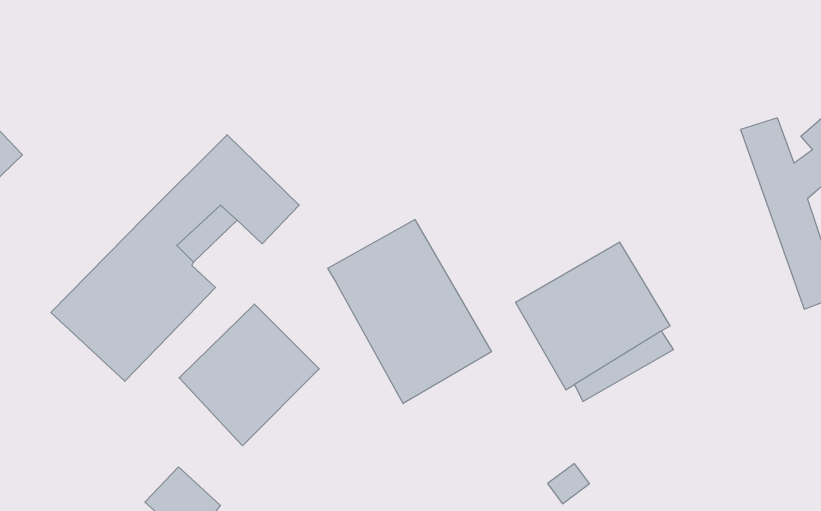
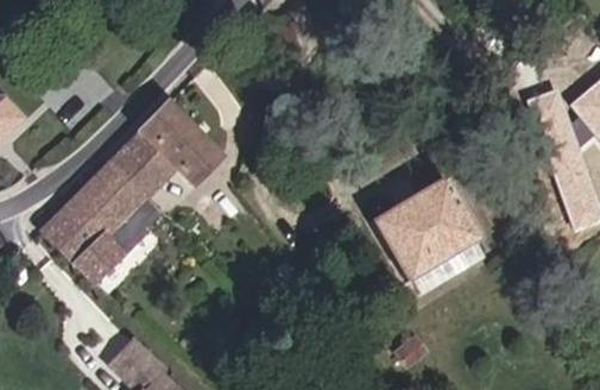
building: [328,220,492,404] -> none
building: [179,304,319,446] -> none

